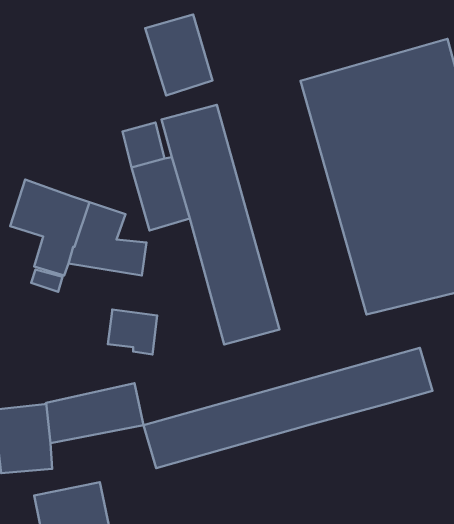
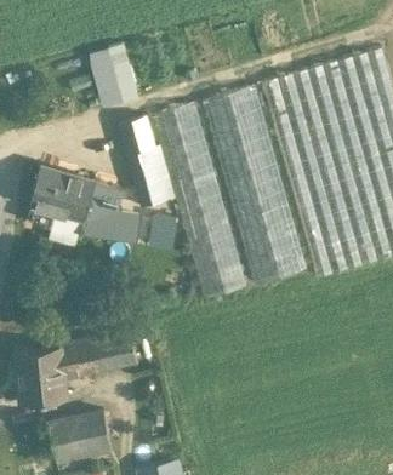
building: [145,15,213,96] -> [84,44,138,109]
building: none -> [205,90,309,286]
building: [108,310,157,355] -> [137,217,177,253]
building: [143,348,432,468] -> none

